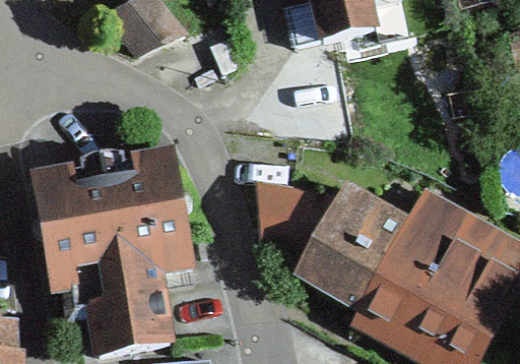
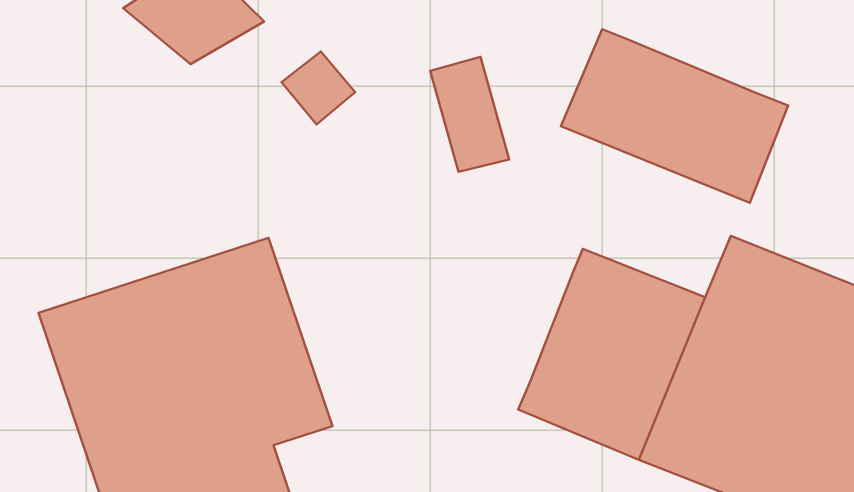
building: none -> [561,29,788,203]
building: [259,188,339,258] -> none

